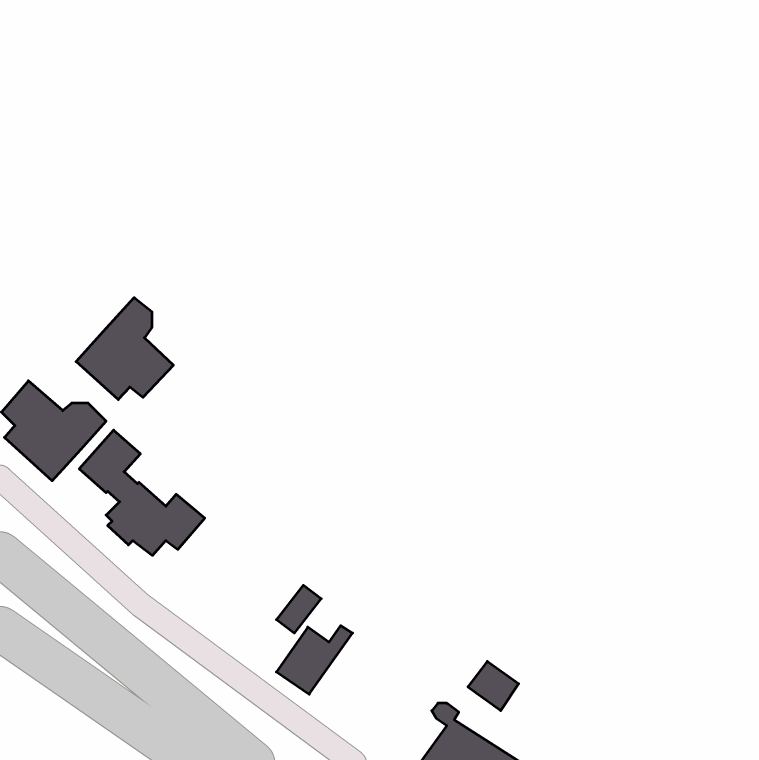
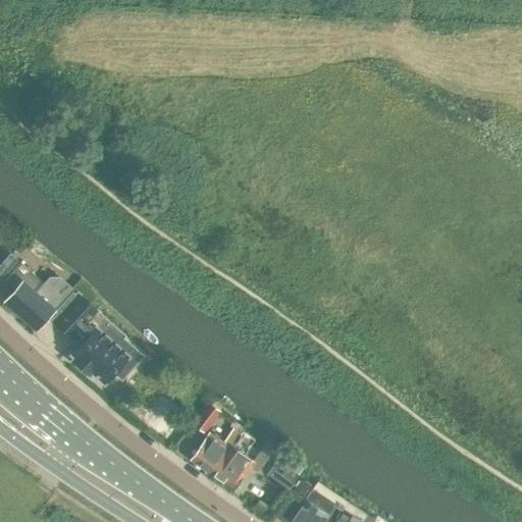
building: [76,298,173,400] -> none
building: none -> [214,434,257,490]
building: [468,661,519,711] -> [266,460,301,493]

